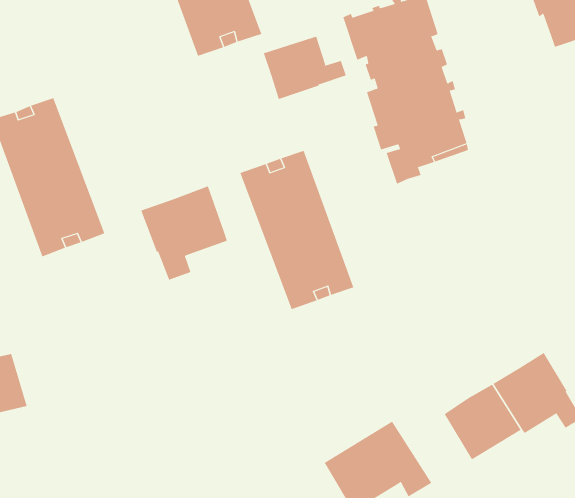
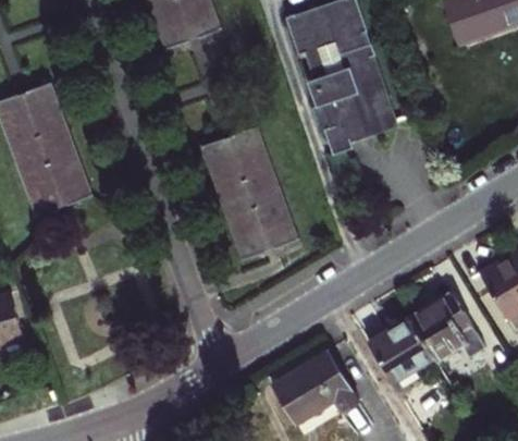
building: [263,36,346,100] -> none
building: [140,185,228,281] -> none

